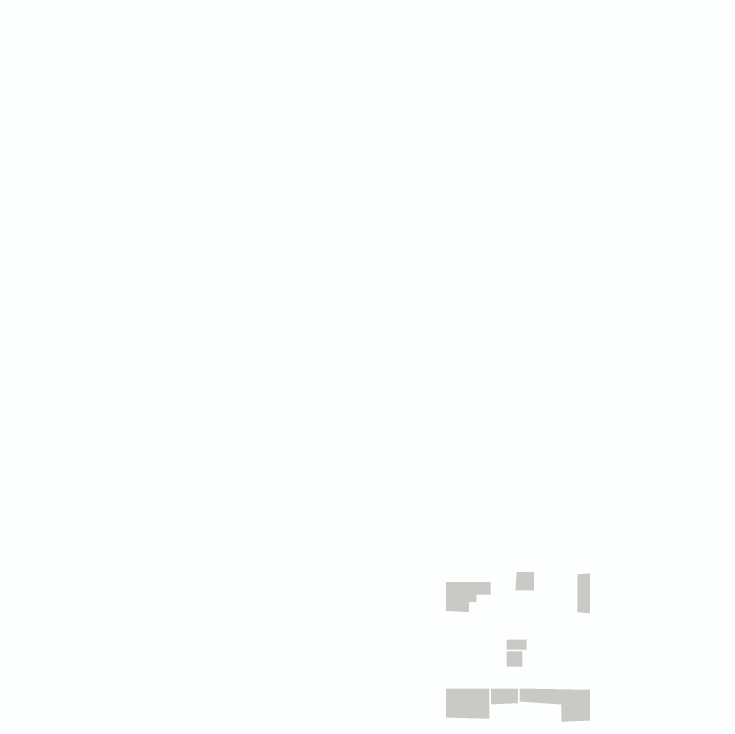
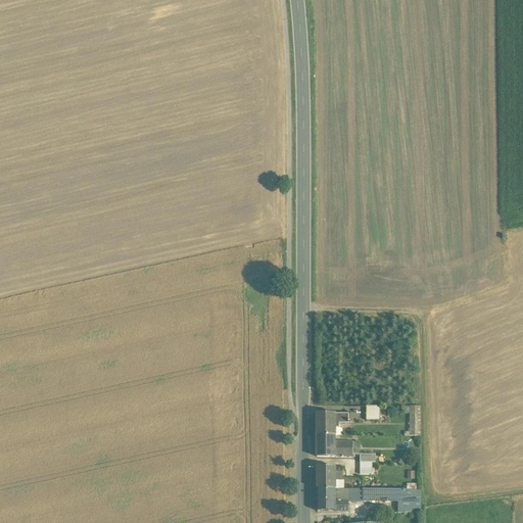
building: none -> [316,433,351,456]
building: none -> [316,466,342,487]

